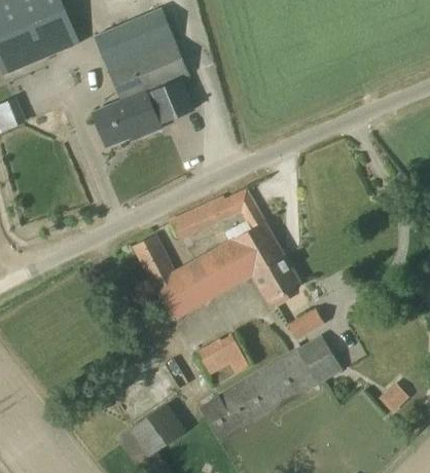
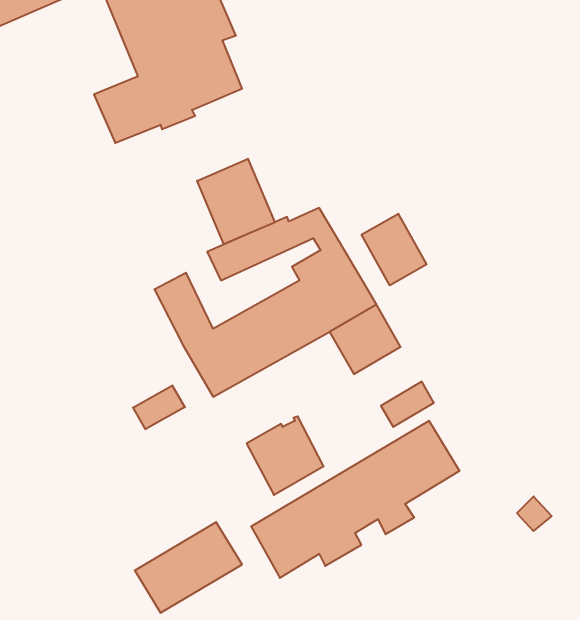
building: none -> [197,159,275,244]
building: none -> [362,214,427,285]
building: none -> [133,385,185,429]

